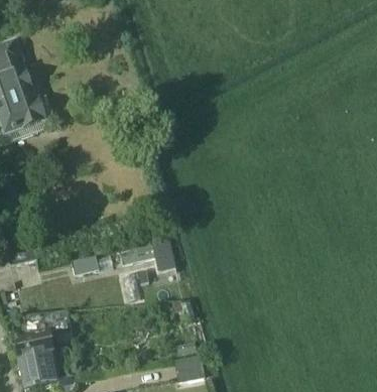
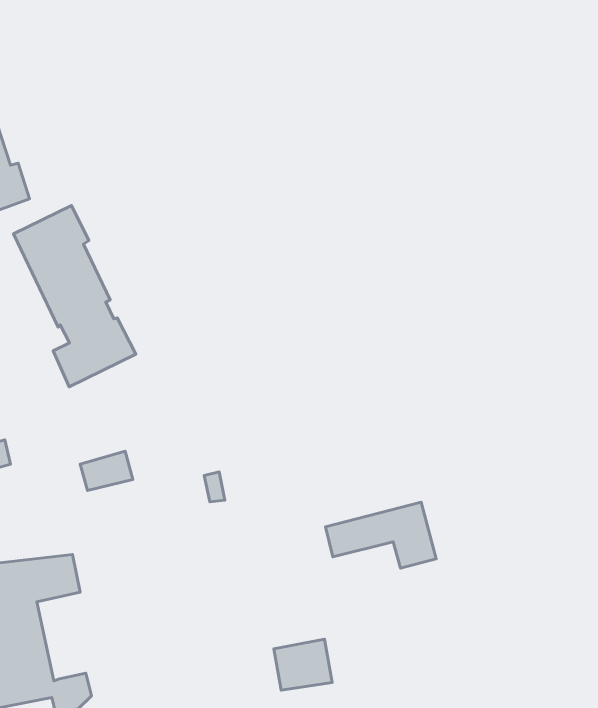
building: none -> [14,206,136,387]
building: [119,235,178,270] -> [325,502,436,568]

